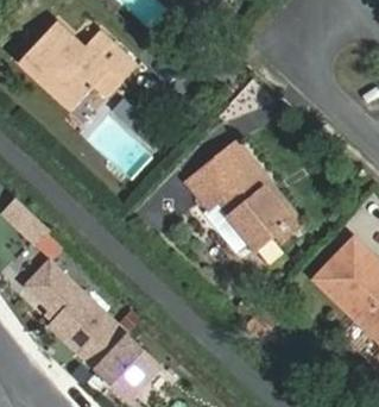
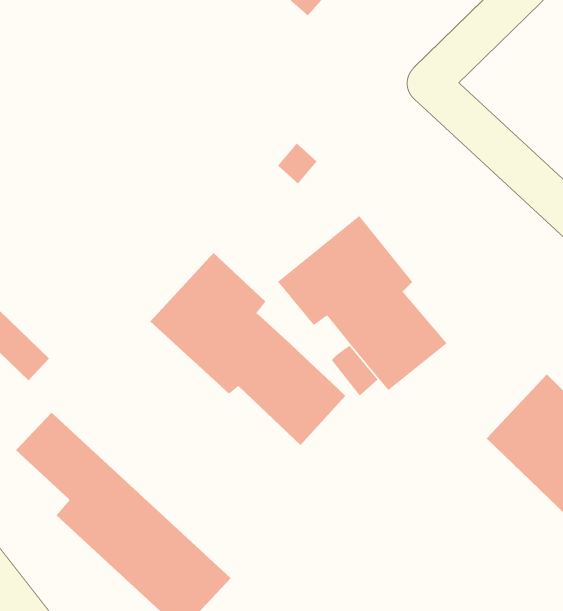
building: [19,20,137,109] -> none
building: none -> [149,252,346,446]

